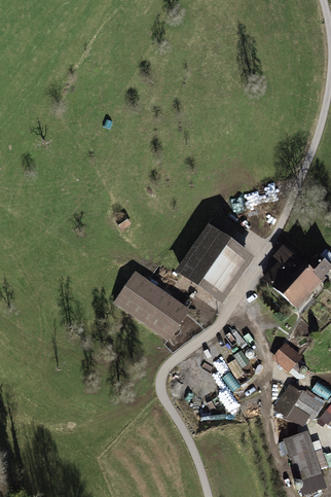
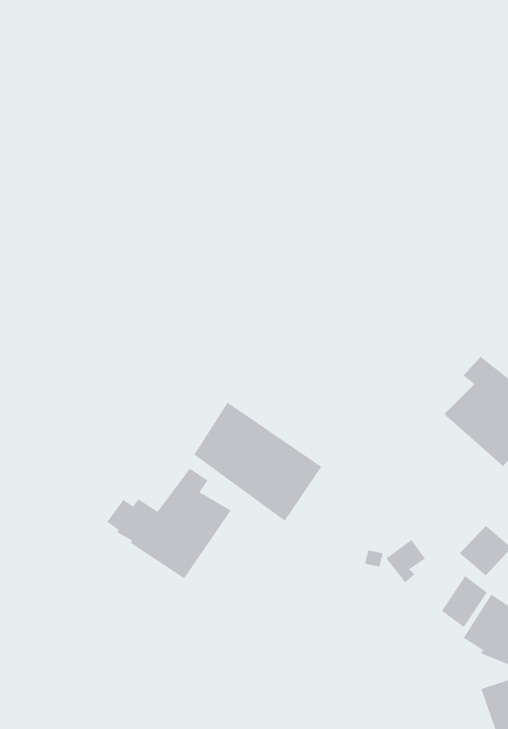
building: [175,213,254,303] -> none
building: none -> [107,468,232,579]
building: none -> [441,575,488,628]

